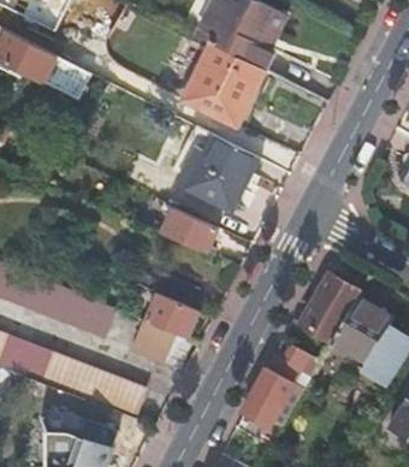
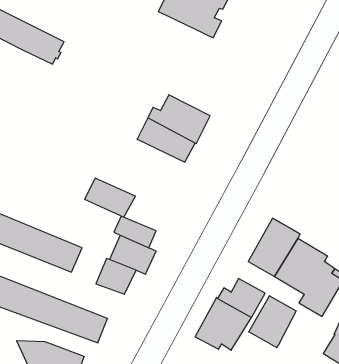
building: [180,43,262,125] -> none
building: [161,208,219,253] -> [85,178,135,217]
building: none -> [249,296,296,348]

